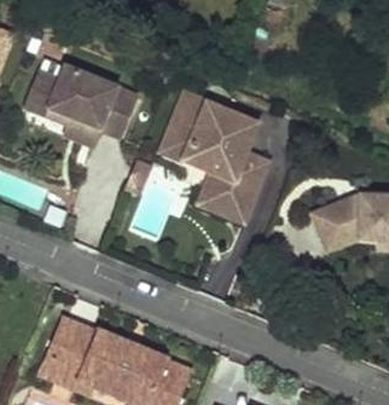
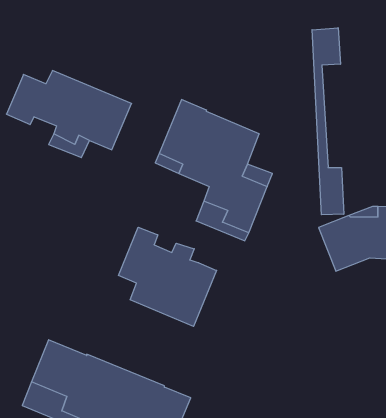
building: none -> [312,28,344,215]
building: none -> [119,227,217,326]

